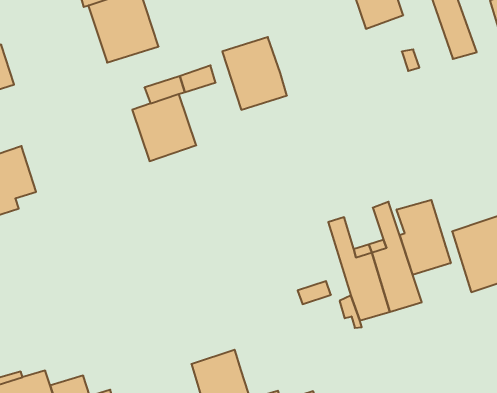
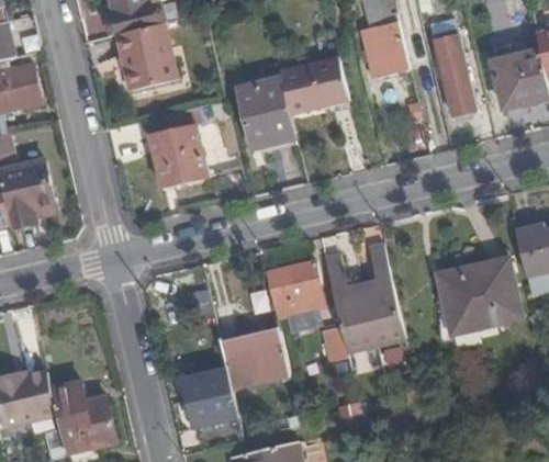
building: none -> [280,56,348,114]
building: [397,200,451,275] -> none
building: none -> [270,260,317,294]
building: none -> [220,333,289,388]

